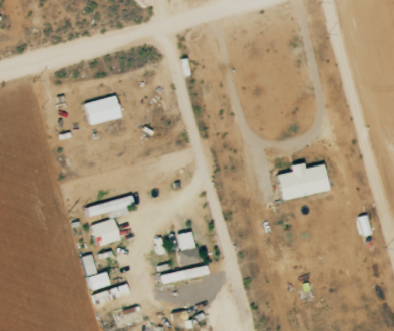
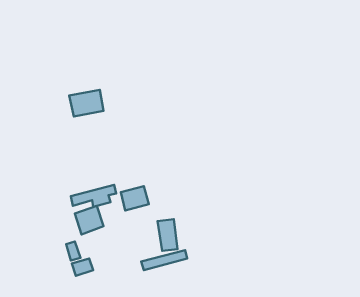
building: [278,162,330,200] -> none
building: none -> [121,186,149,211]

